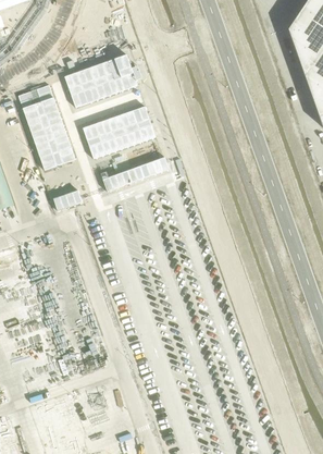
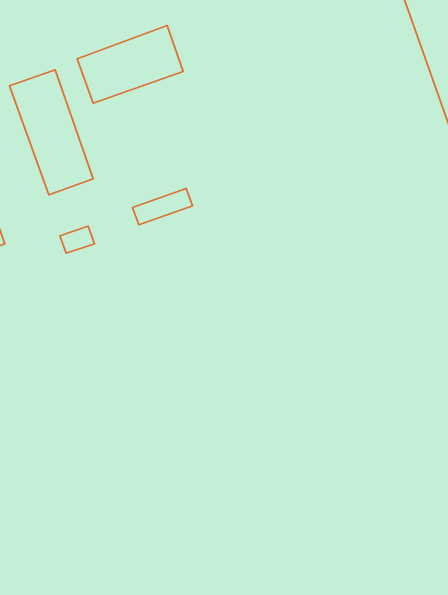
building: [83,107,156,159] -> none

